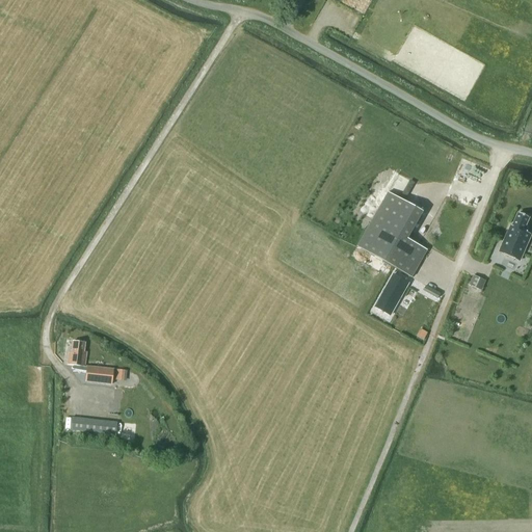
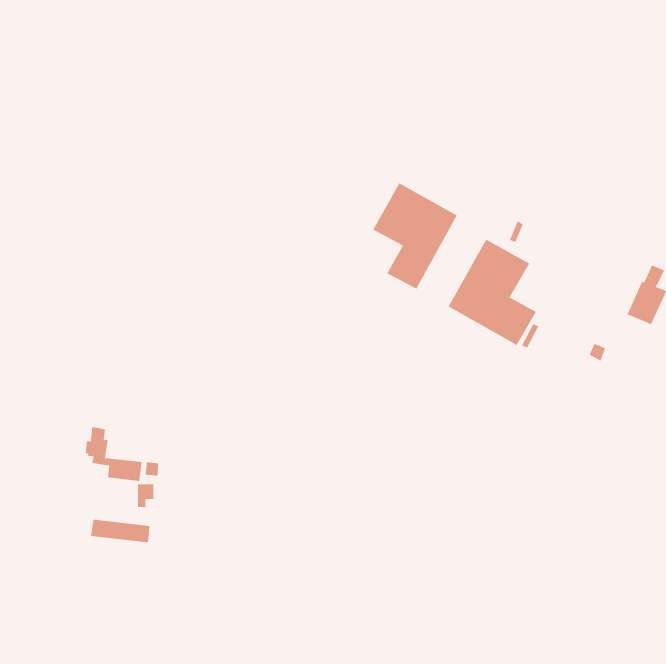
building: none -> [373,183,457,289]
building: [379,272,406,308] -> none

